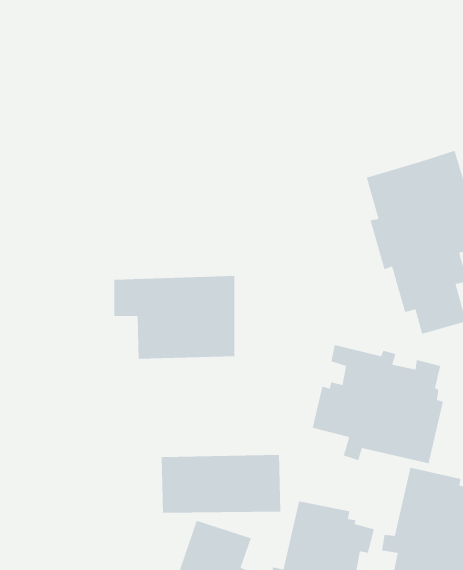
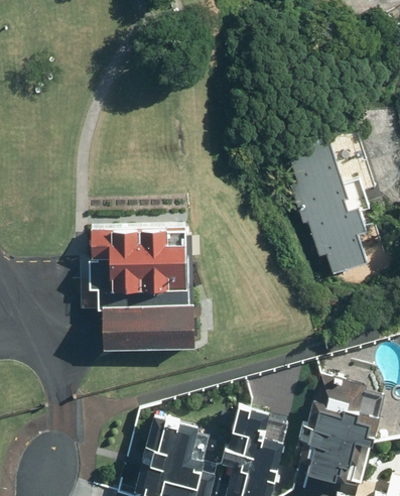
building: [312,344,444,464] -> none
building: [161,454,281,514] -> [103,304,196,351]

